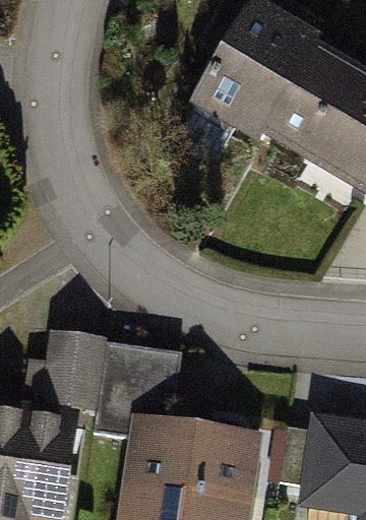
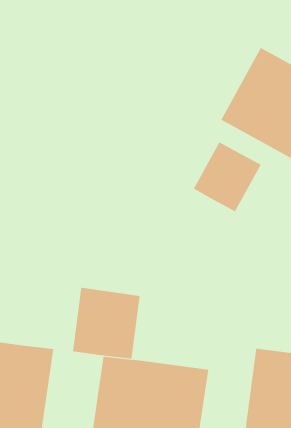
building: [202,11,318,144] -> none
building: none -> [193,142,262,212]
building: [41,334,107,417] -> none

